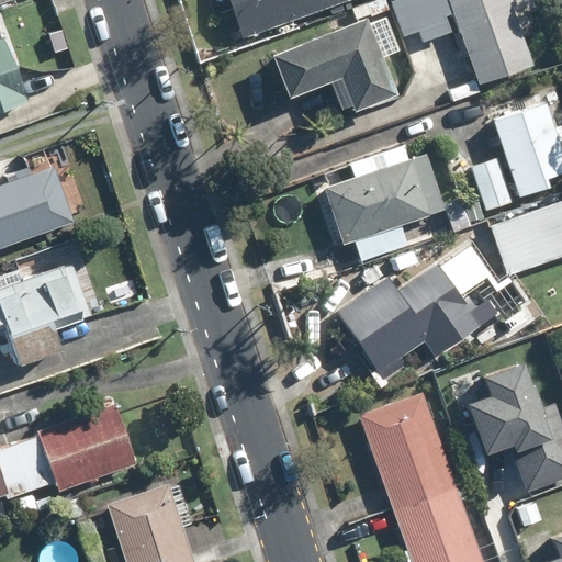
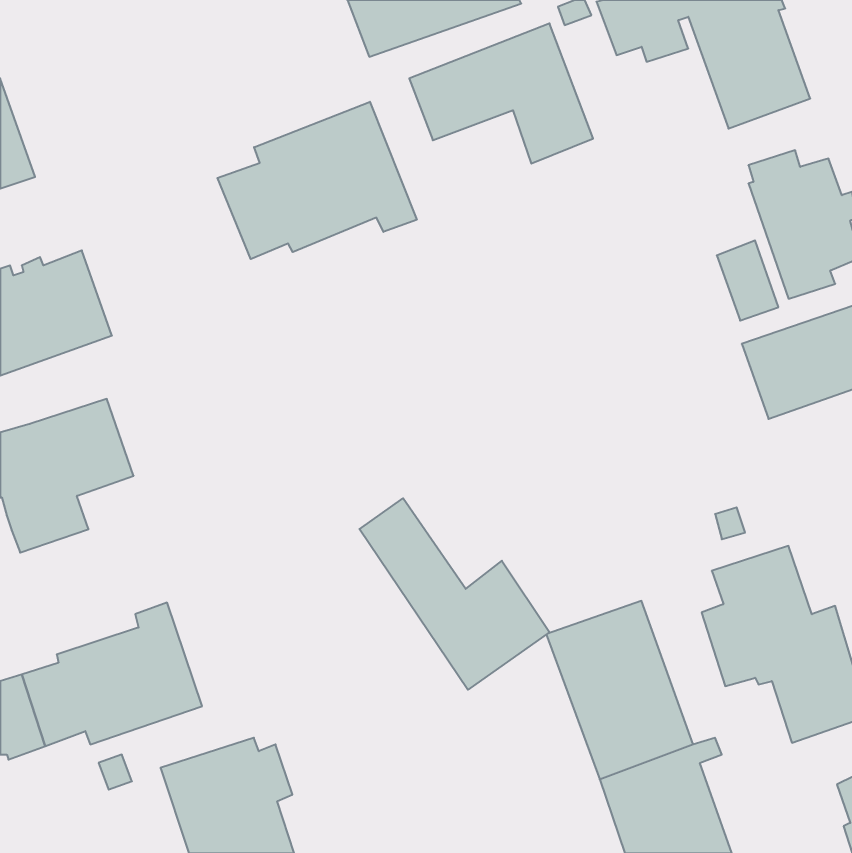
building: none -> [217,102,417,259]
building: [325,153,446,245] -> none
building: [338,263,496,379] -> none
building: none -> [359,498,549,690]

